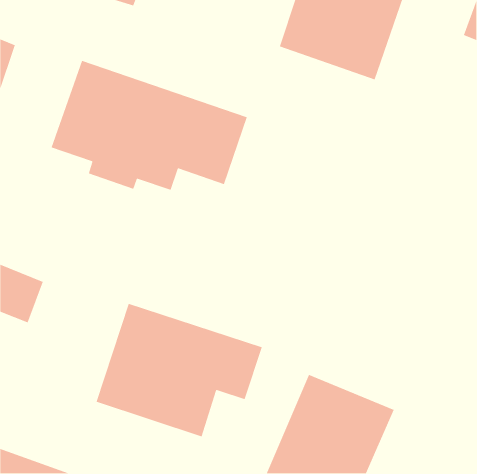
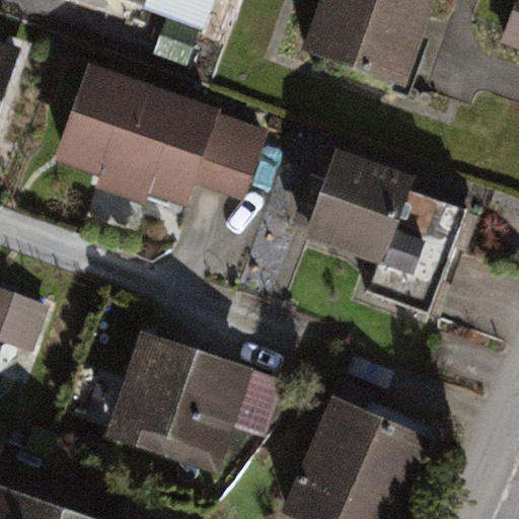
building: none -> [303,148,463,312]

